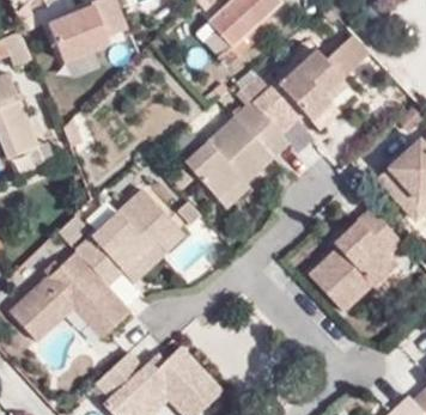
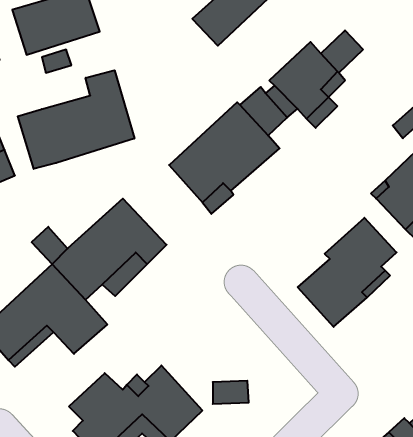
building: none -> [18,70,134,169]

